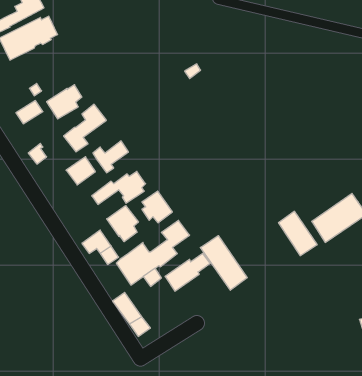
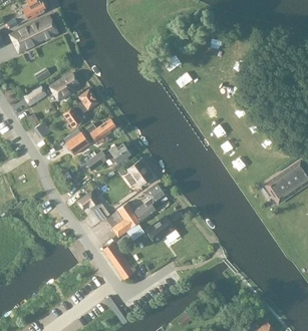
building: [107,206,138,242] -> none
building: [279,211,317,256] -> none
building: [200,236,247,290] -> none

